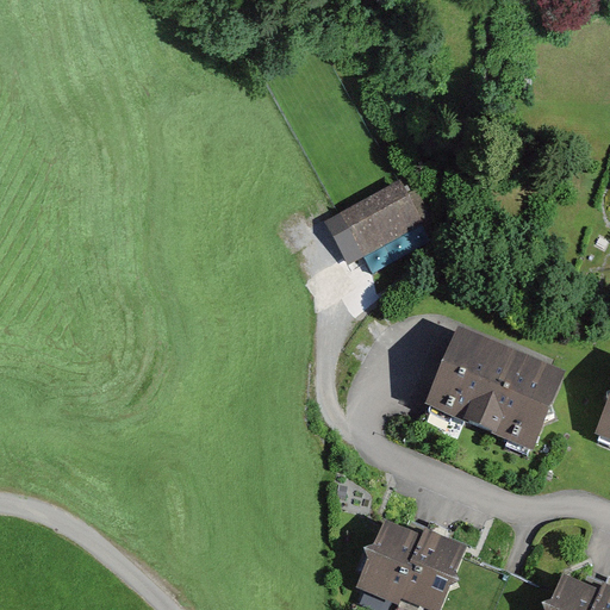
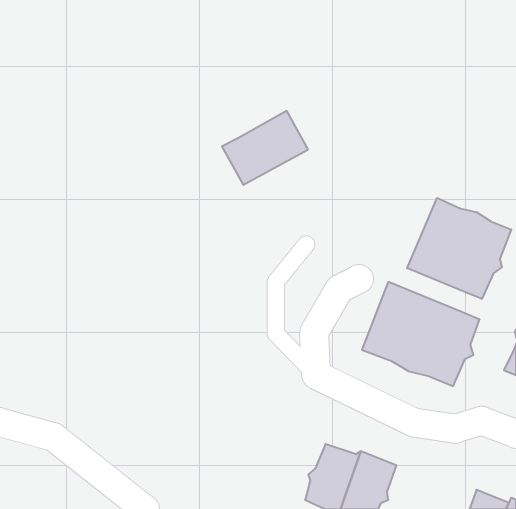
building: [322,169,423,256] -> [222,111,308,185]
building: none -> [407,198,511,299]

